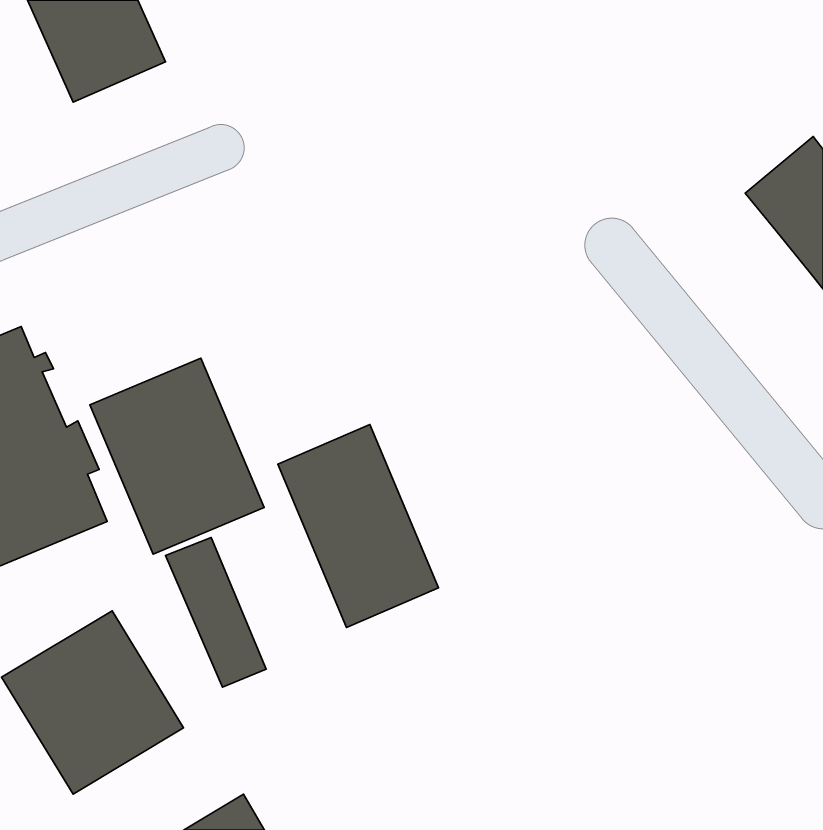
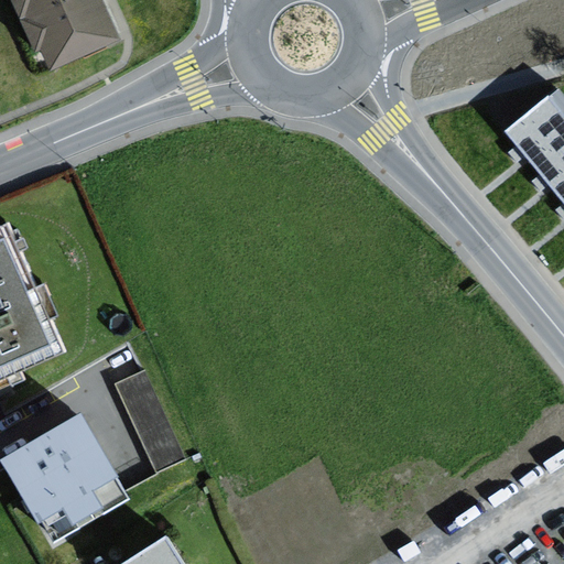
building: [90,358,264,554] -> none
building: [278,425,438,628] -> none

